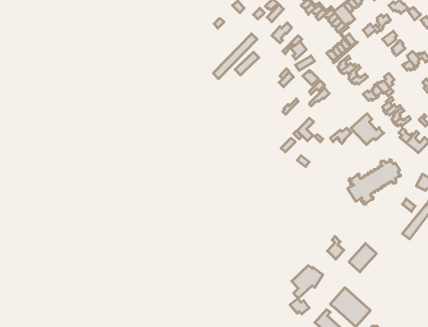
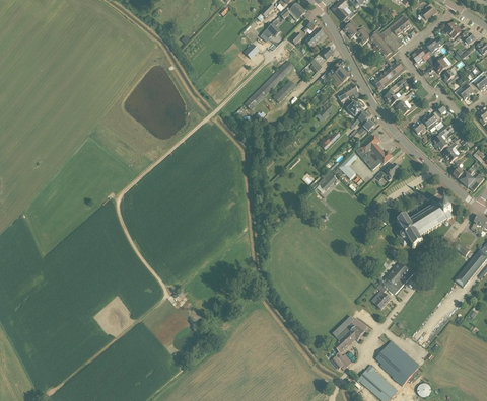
building: [351,114,384,145] -> [356,135,393,169]
building: [349,243,376,272] -> [382,262,413,294]

